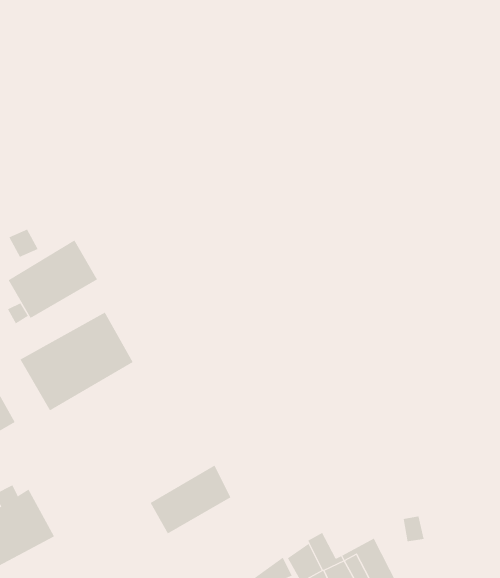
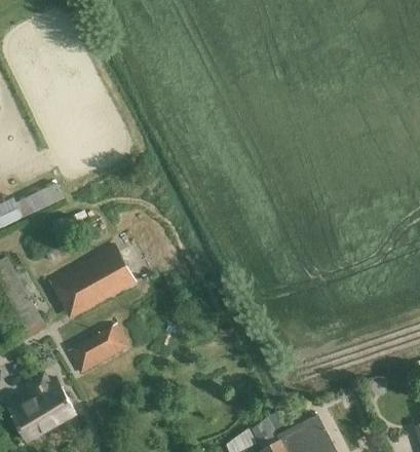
building: [8,240,98,319] -> none
building: [150,465,231,534] -> [66,323,127,375]

